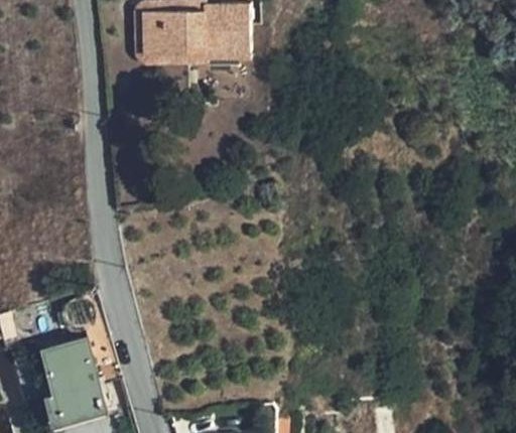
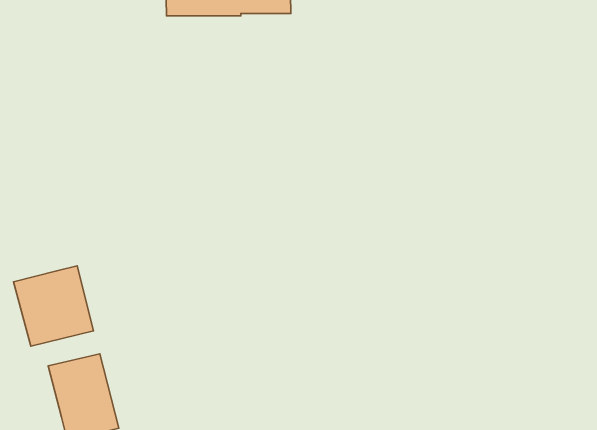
building: none -> [13,266,94,346]

